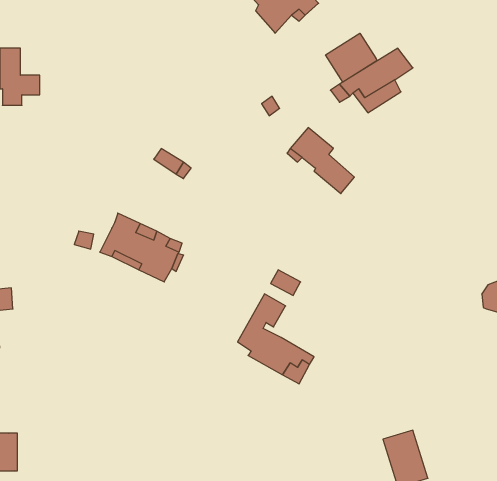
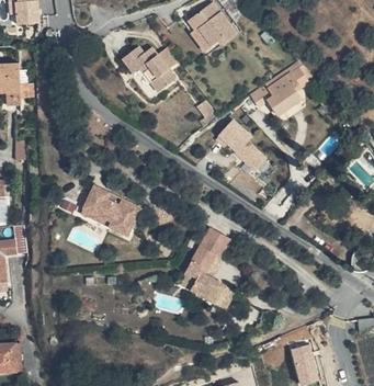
building: none -> [123,44,181,91]
building: [326,33,377,82] -> none
building: none -> [200,236,231,276]

